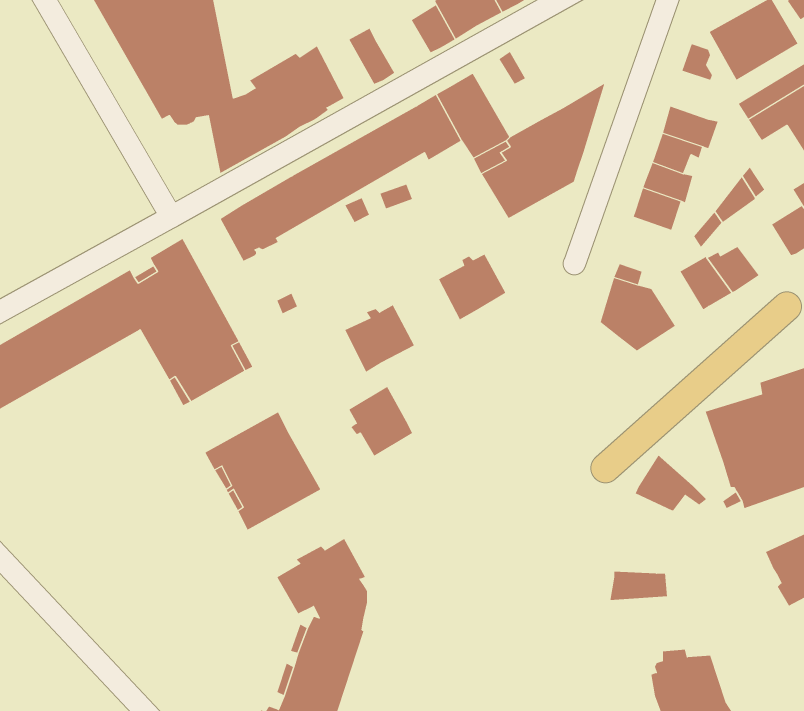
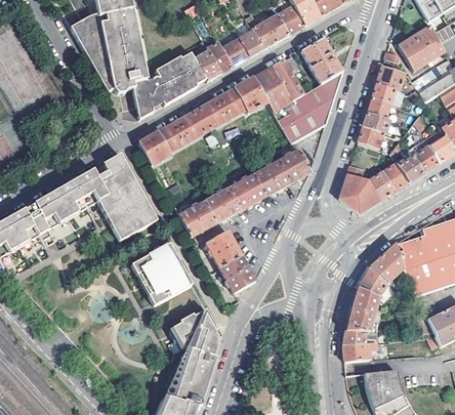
building: none -> [300,37,342,84]
building: none -> [221,38,250,66]
building: none -> [189,40,220,80]
building: none -> [273,59,308,99]
building: none -> [376,65,404,90]
building: none -> [408,144,440,172]
building: none -> [279,150,311,181]
building: none -> [367,170,394,199]
building: none -> [231,174,265,209]
building: none -> [179,201,216,237]
building: none -> [370,244,404,283]
building: none -> [220,255,255,292]
building: none -> [346,287,378,329]
building: none -> [344,341,376,361]

